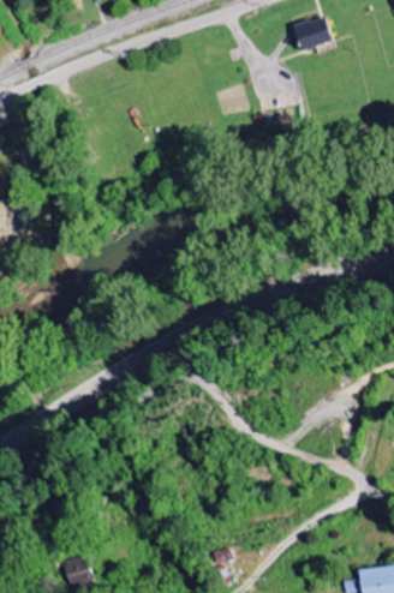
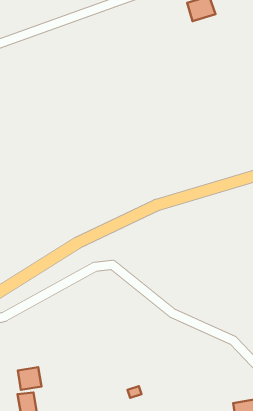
building: none -> [18,367,42,390]

